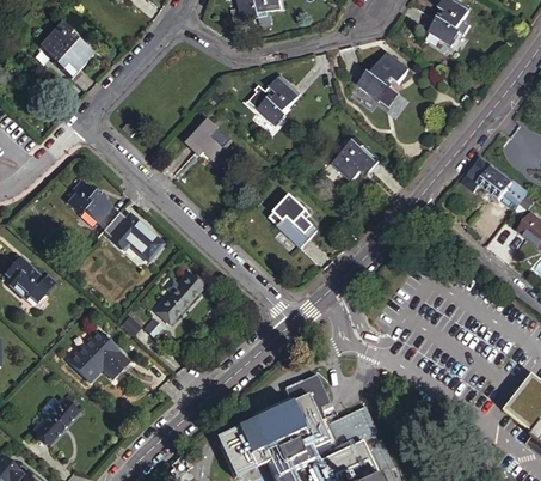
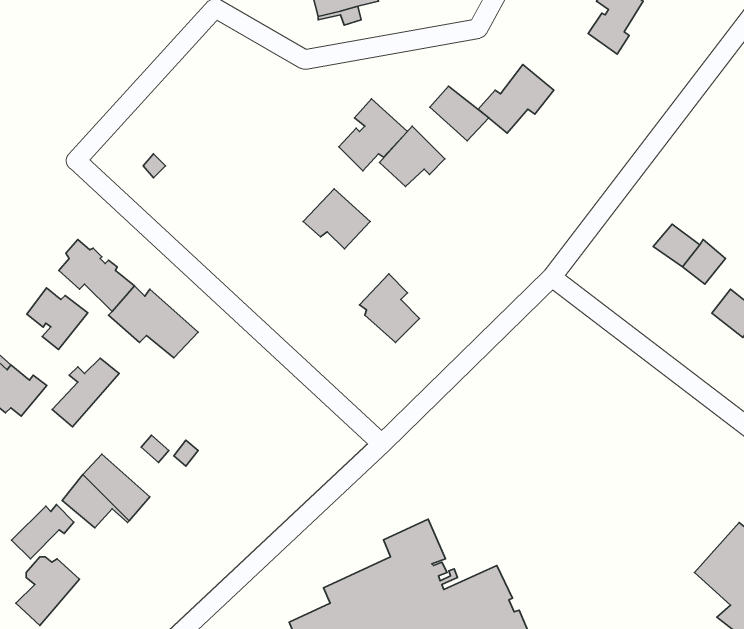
building: [41,22,94,78] -> none
building: none -> [430,86,489,141]
building: [184,121,230,163] -> [303,189,370,249]
building: [333,141,379,183] -> [380,126,445,186]
building: none -> [27,288,88,349]
building: [153,274,199,322] -> [52,358,119,427]
building: none -> [11,505,74,559]

